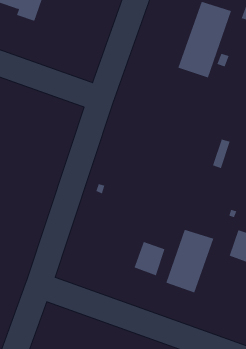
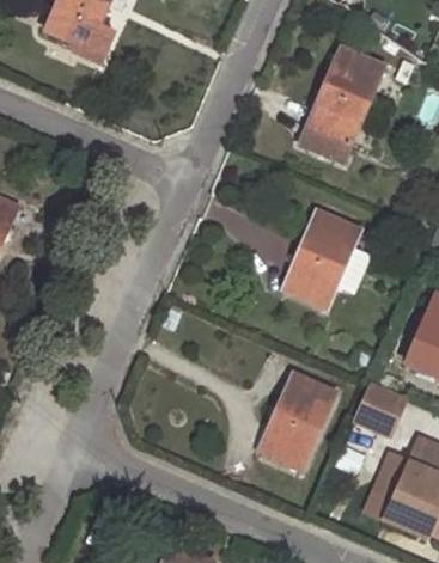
building: none -> [283,213,359,306]
building: [134,241,165,276] -> none

